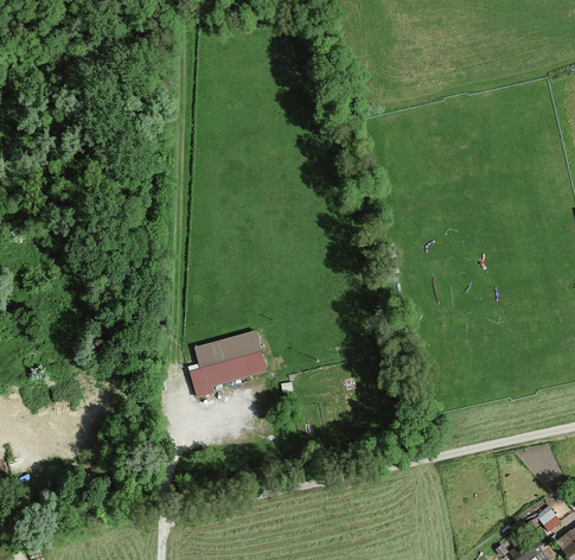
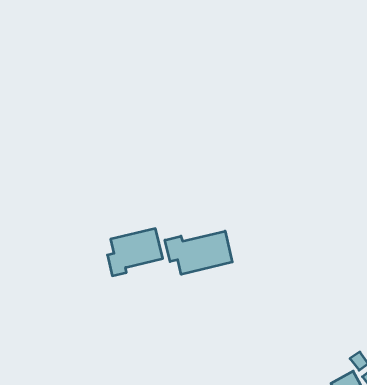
building: none -> [165,231,232,274]

